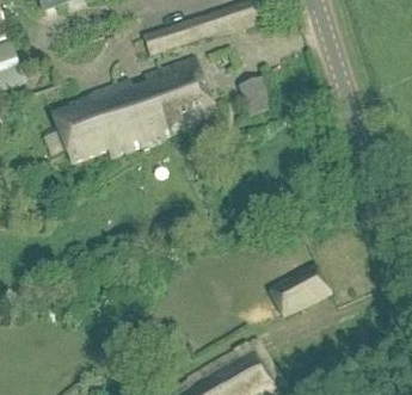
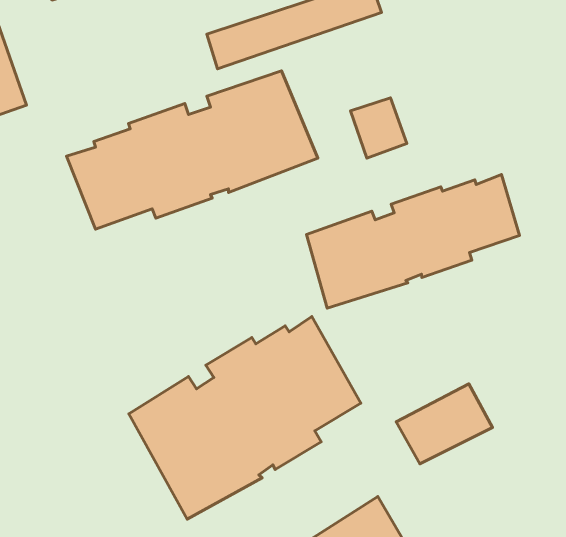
building: none -> [307,175,520,308]
building: none -> [129,317,361,519]

